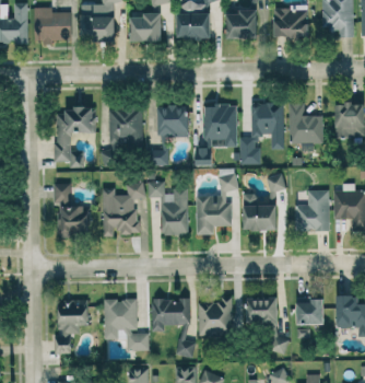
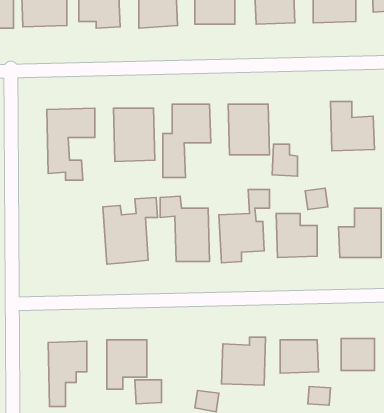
building: [250,103,284,149] -> none
building: [54,183,87,235] -> none
building: [151,299,190,330] -> none

